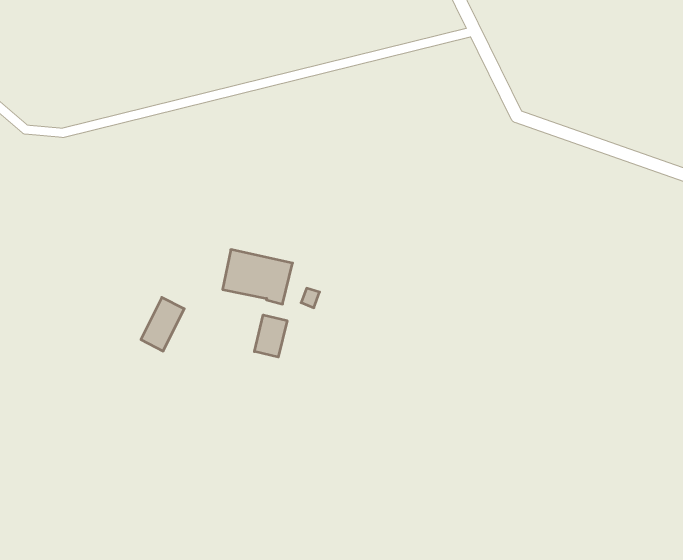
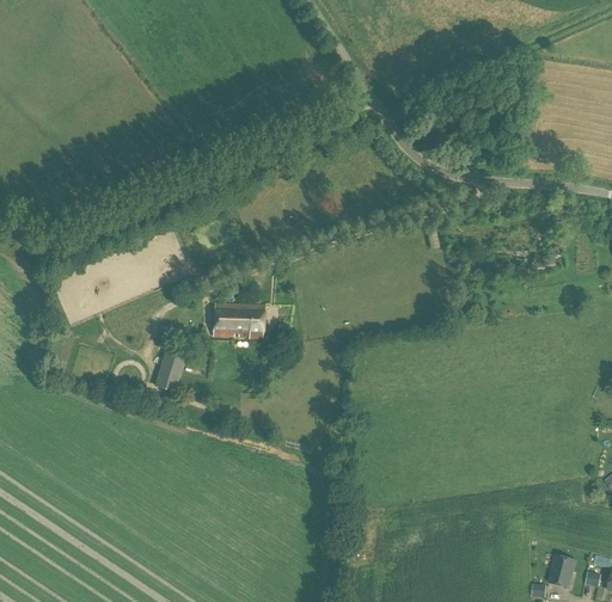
building: [254,315,287,357] -> none

